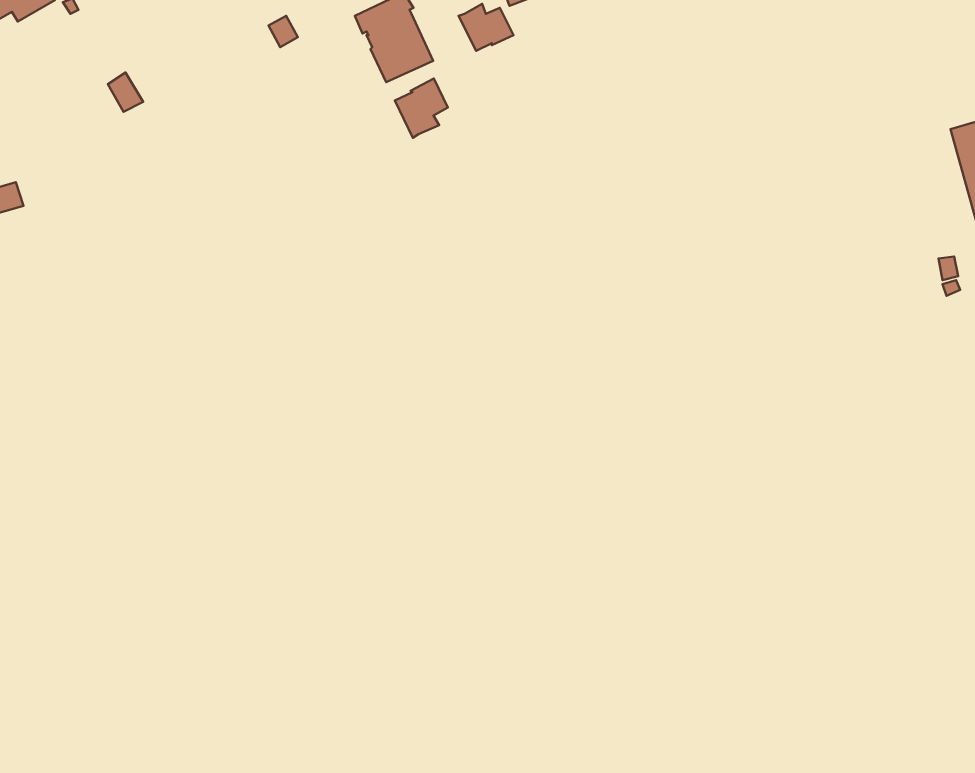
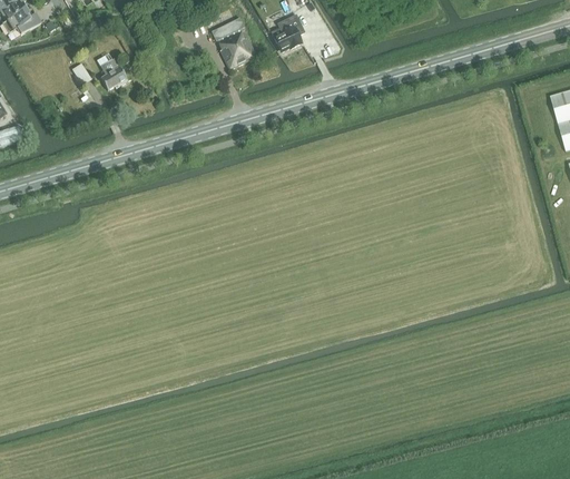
building: none -> [100,57,128,87]
building: [395,79,448,138] -> none

